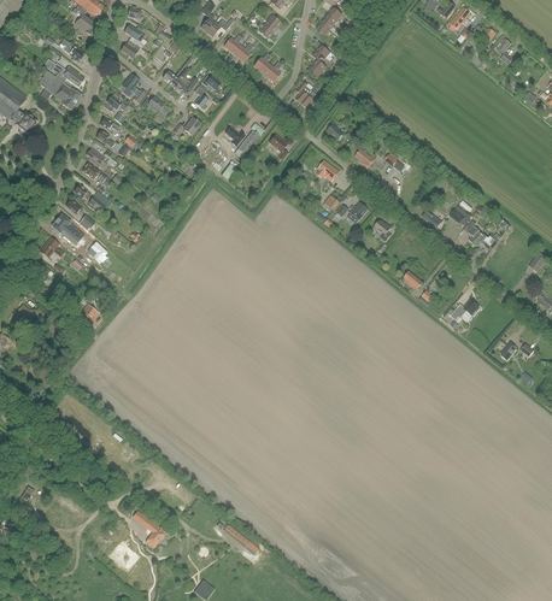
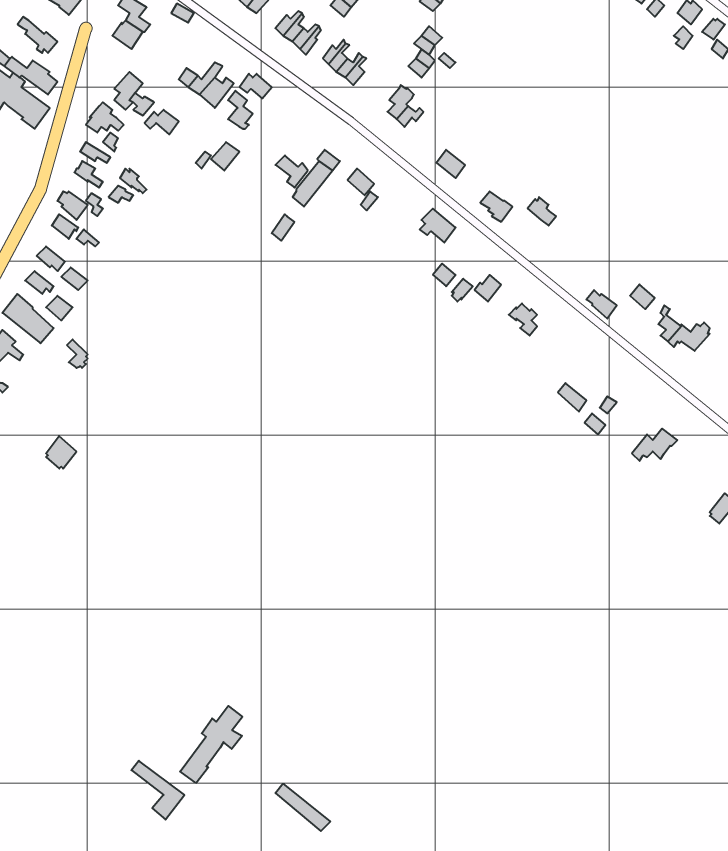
building: none -> [180,706,242,783]

